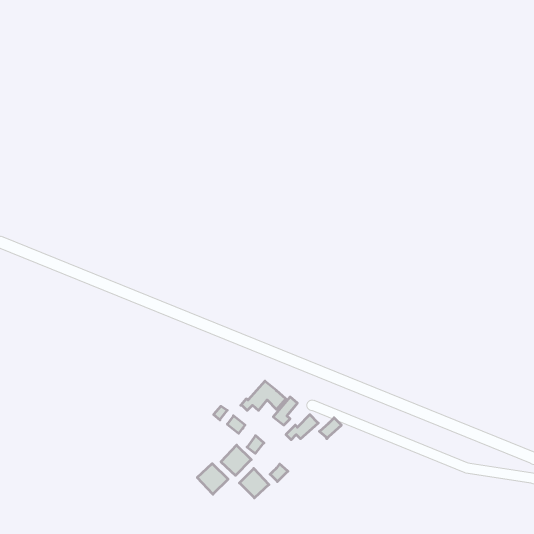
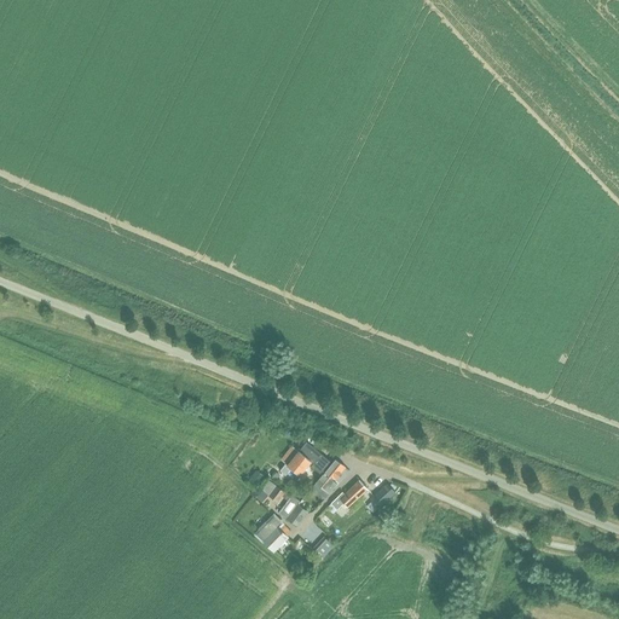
building: [197,464,228,494] -> none
building: [239,468,269,498] -> none

